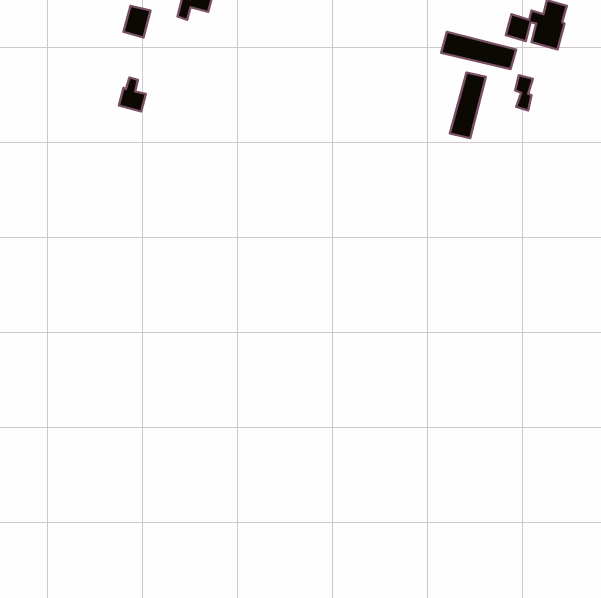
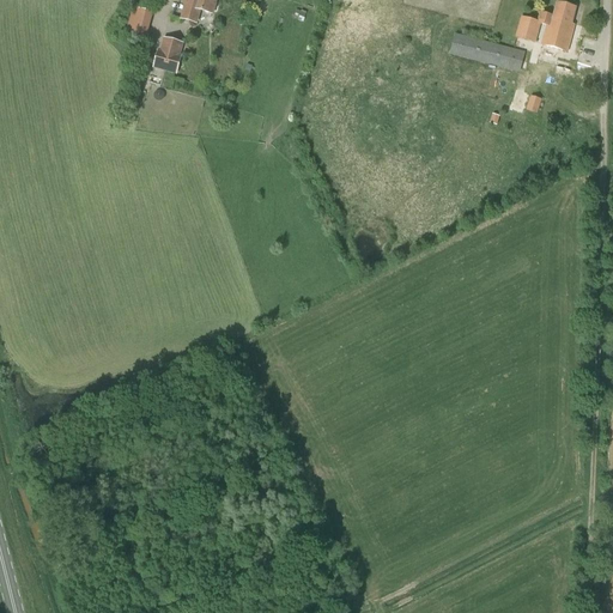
building: [450,73,486,138] -> none
building: [119,77,146,111] -> [153,37,181,72]

